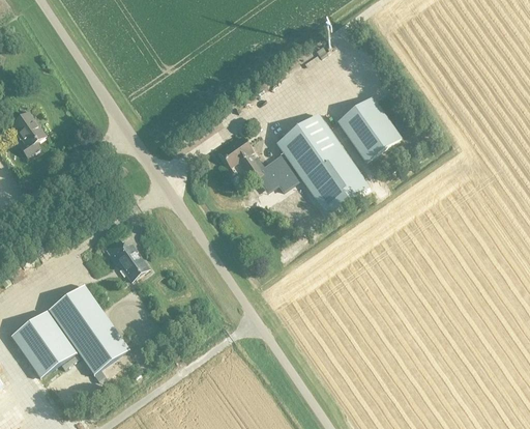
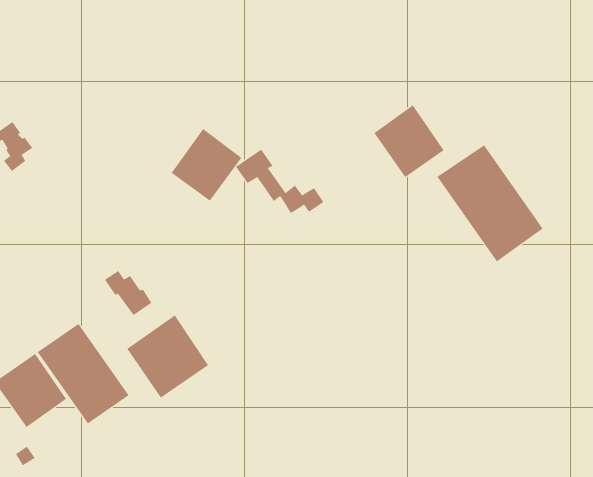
building: [276,114,369,216] -> [436,145,543,262]
building: none -> [171,128,242,201]
building: none -> [126,314,209,398]

